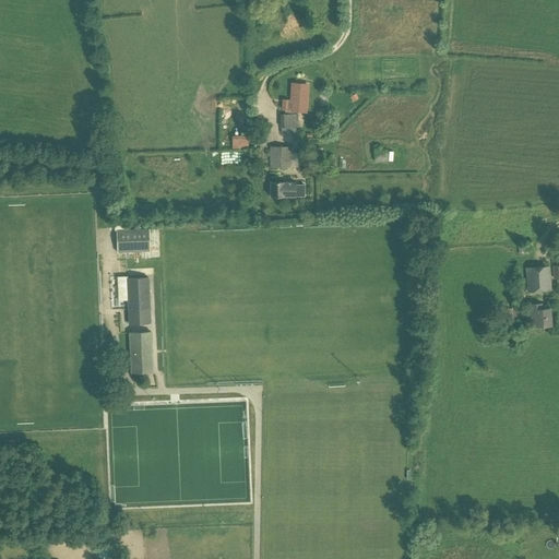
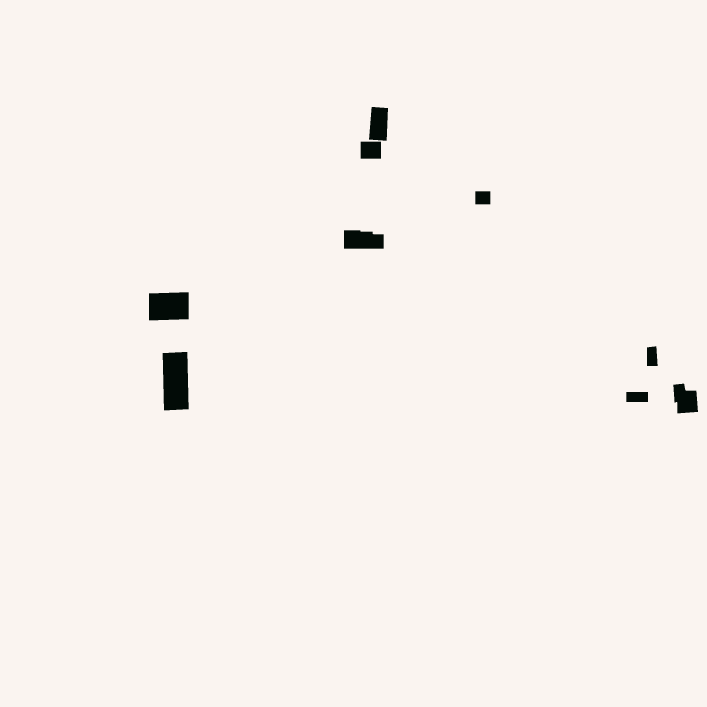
building: [270,146,290,169] -> none
building: [526,266,551,293] -> none
building: [130,332,152,373] -> none

